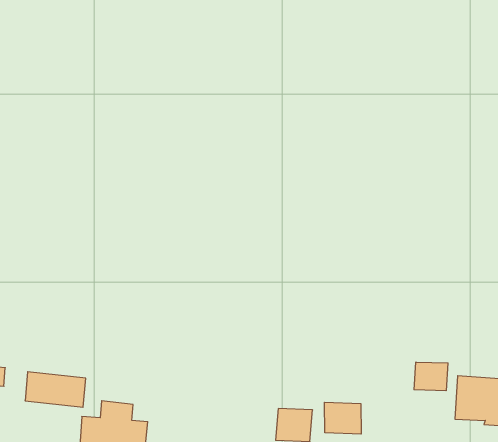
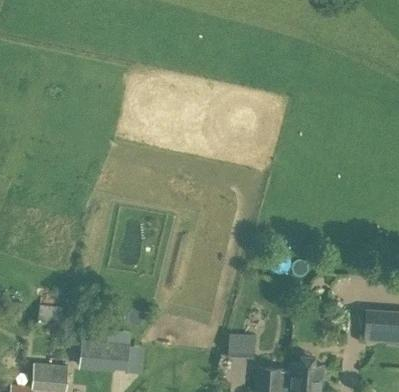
building: [414,362,448,391] -> none
building: [325,402,361,434] -> none

